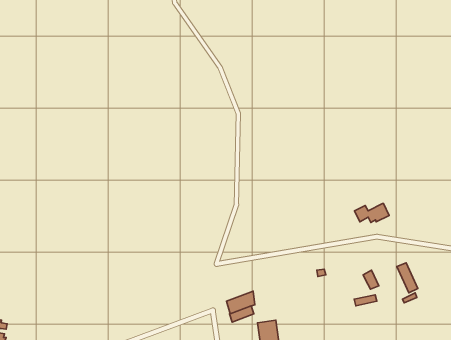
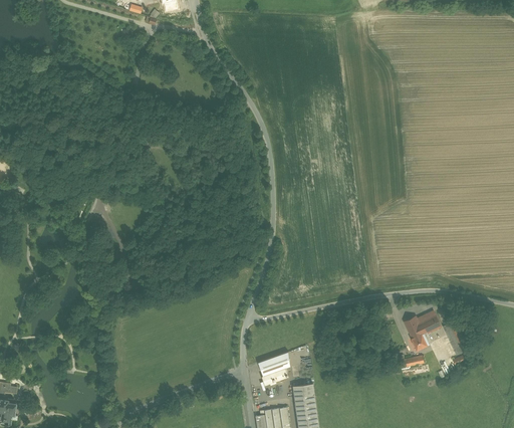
building: [354,204,389,223] -> [403,313,441,335]

